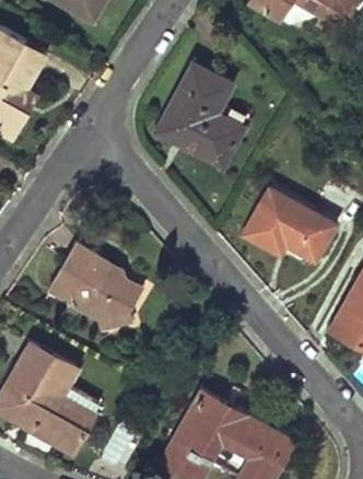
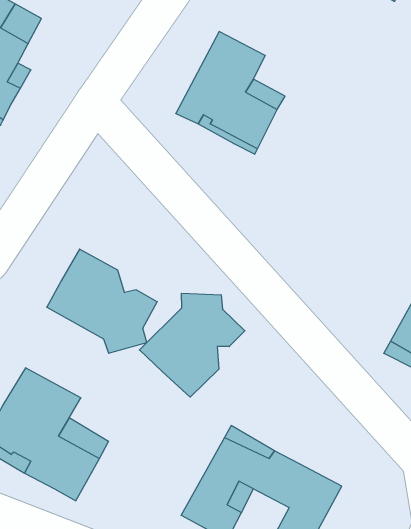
building: [243,189,332,261] -> none
building: none -> [139,293,245,397]

